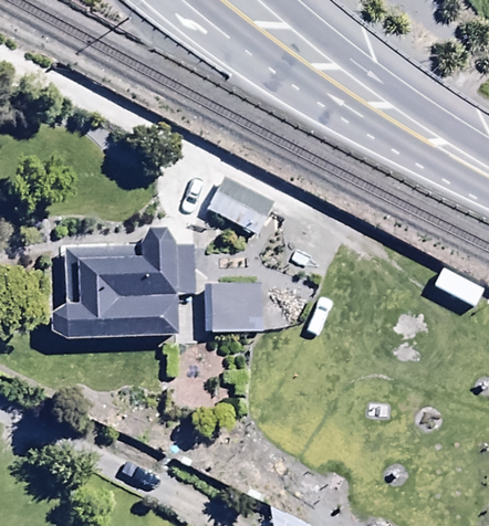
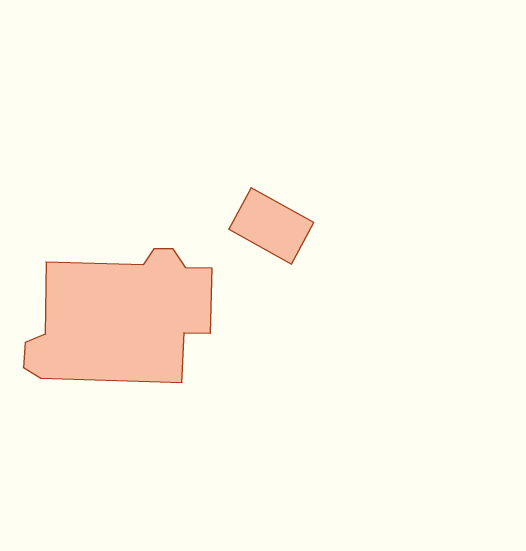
building: [211,282,261,329] -> none

